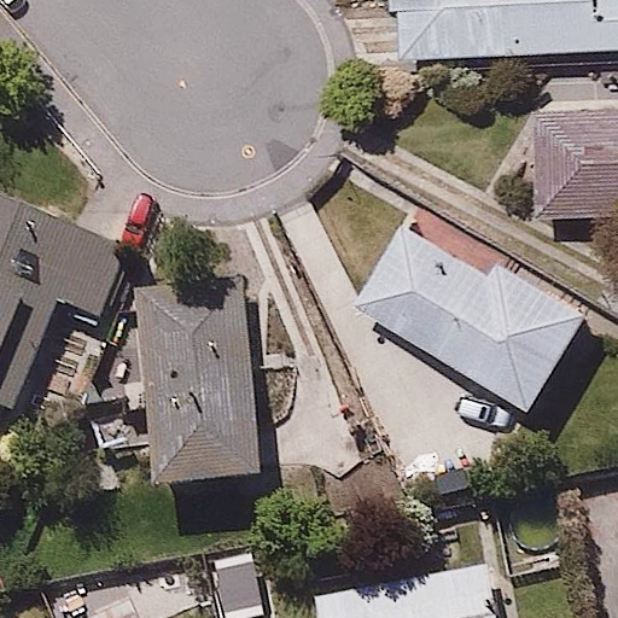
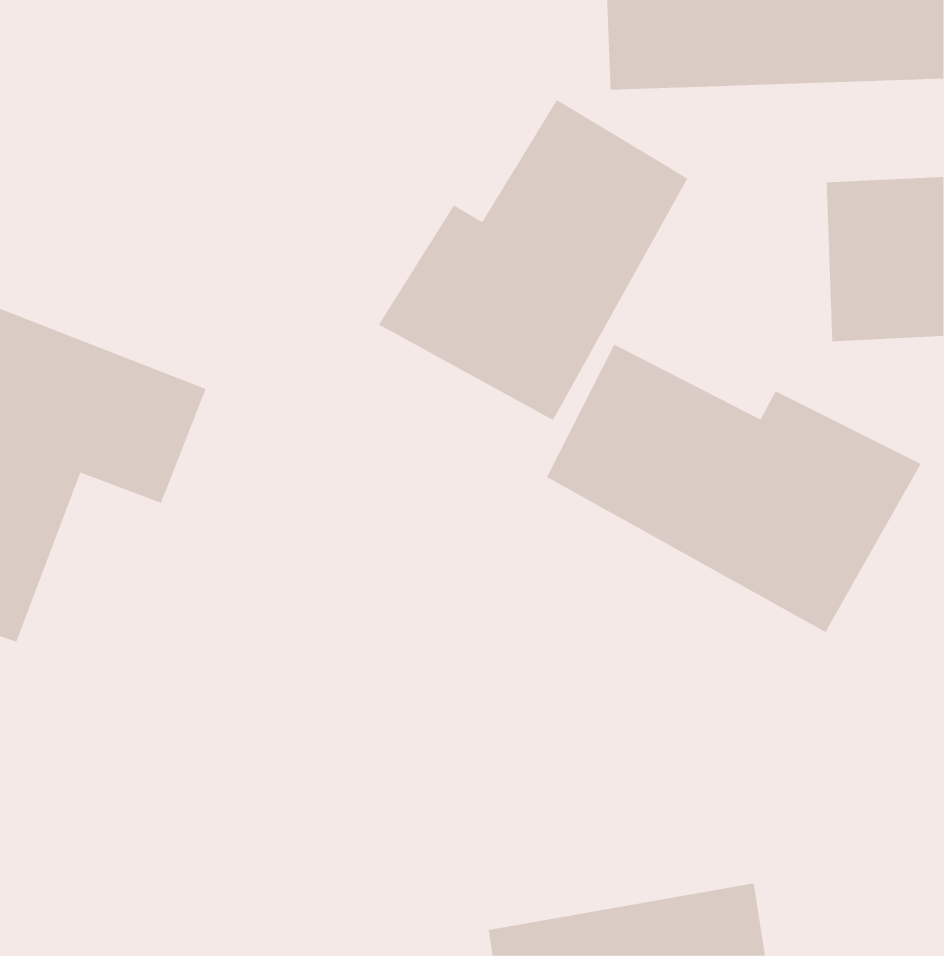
building: none -> [378,99,688,421]
building: [130,285,262,497] -> none

